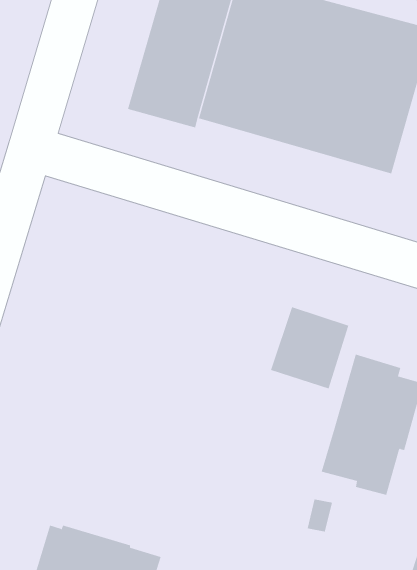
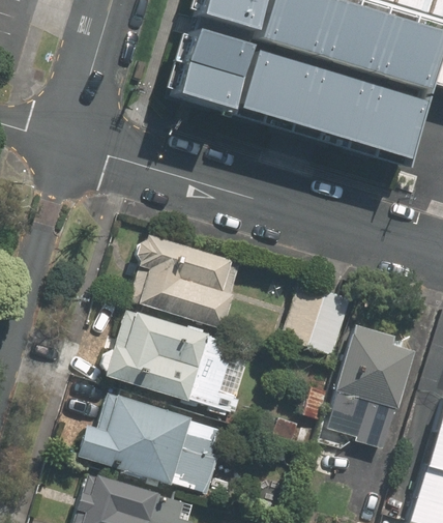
building: none -> [130,233,240,328]
building: none -> [101,308,257,412]
building: none -> [81,391,220,494]

